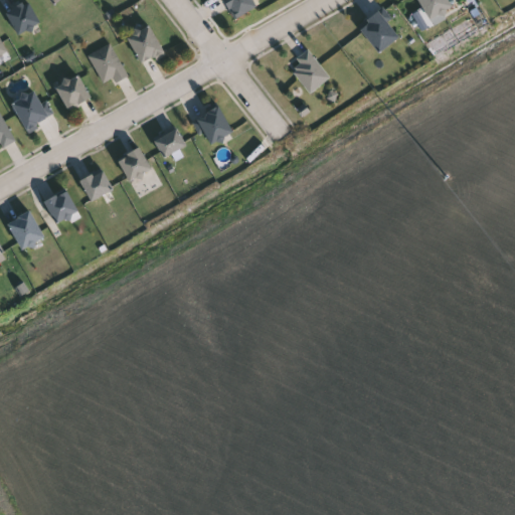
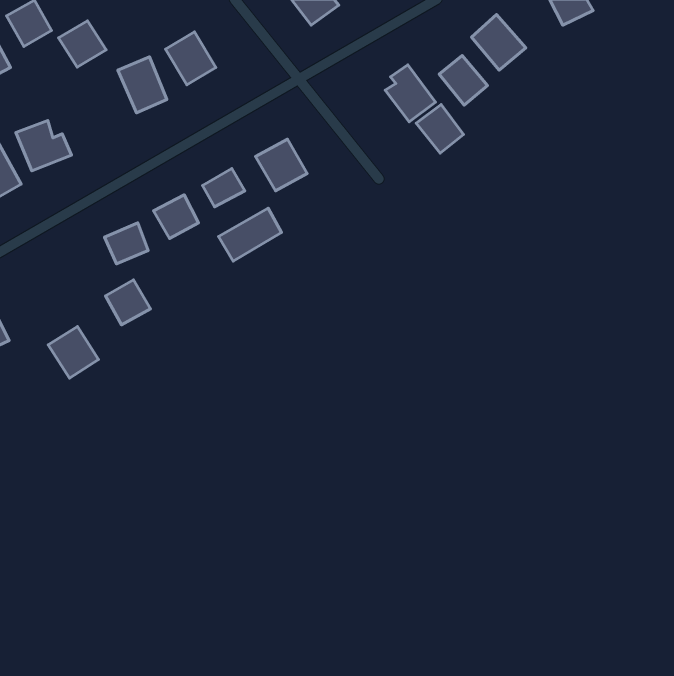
building: none -> [439,56,487,105]
building: [54,74,91,110] -> [59,21,106,67]
building: none -> [416,104,464,153]
building: none -> [219,208,281,261]
building: [44,189,78,223] -> [106,280,151,325]
building: [6,210,44,249] -> [48,326,99,378]

